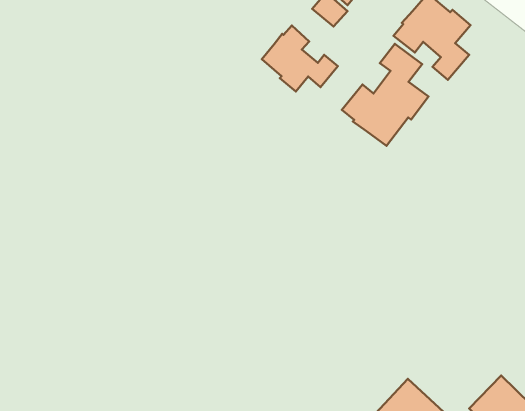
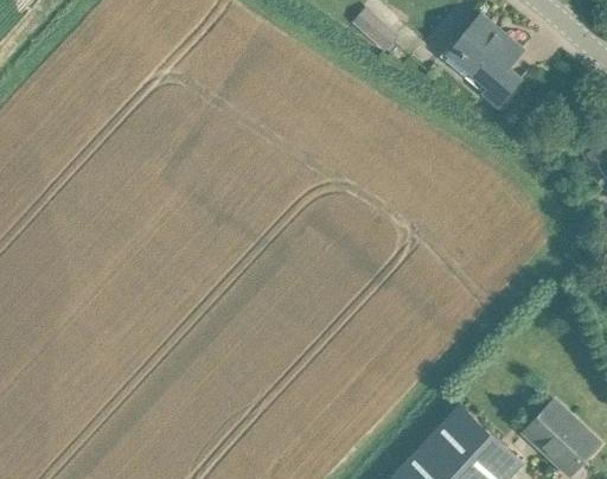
building: [262,25,338,92] -> none
building: [342,44,428,146] -> none

